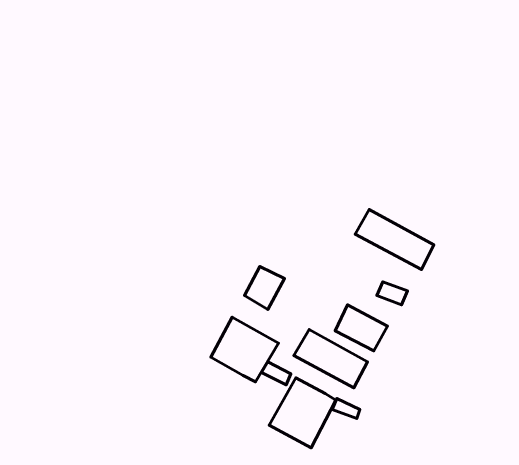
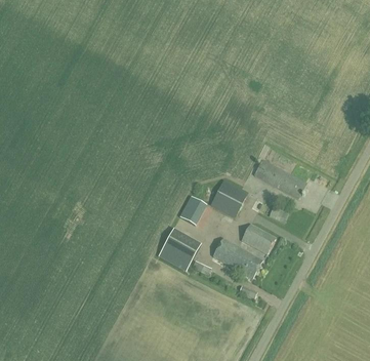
building: none -> [209,178,247,217]
building: [269,378,336,448] -> none

